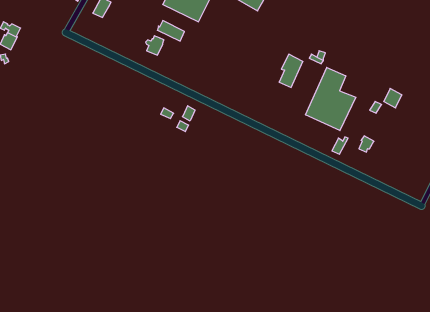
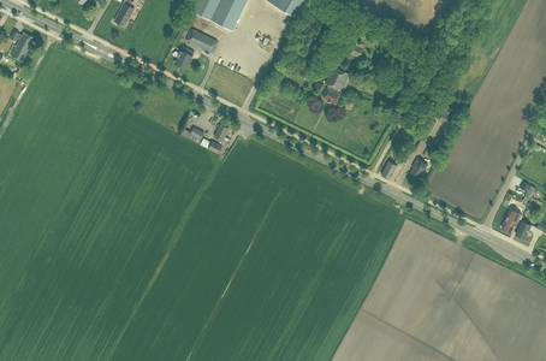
building: [306,67,356,131] -> none

